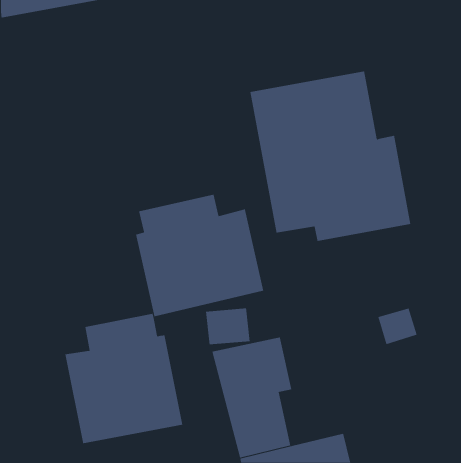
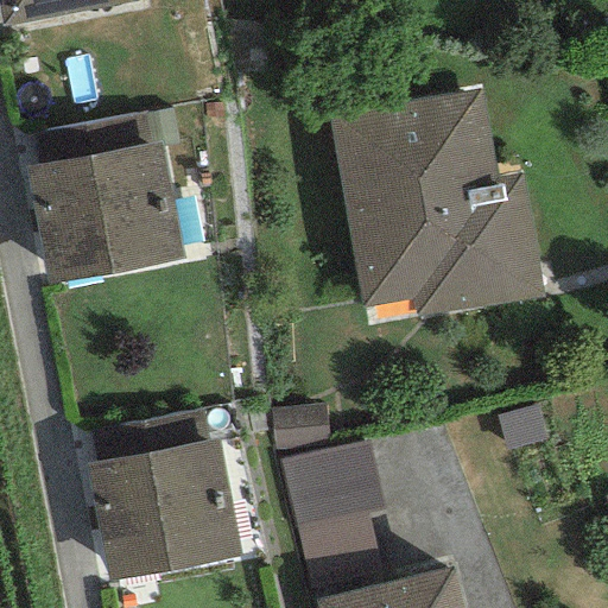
building: none -> [26,112,185,285]
building: [136,194,264,317] -> none

